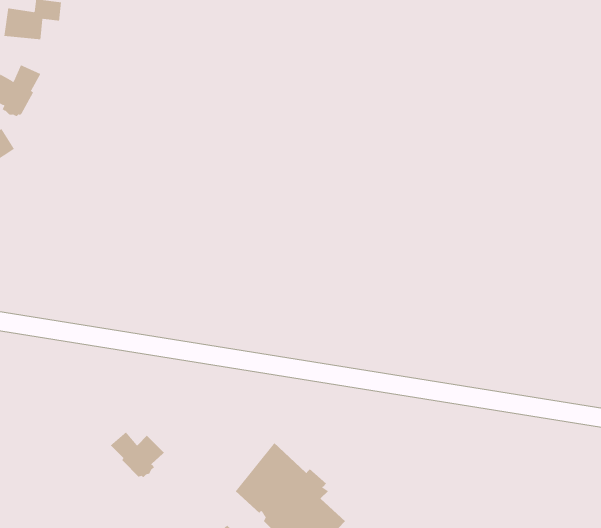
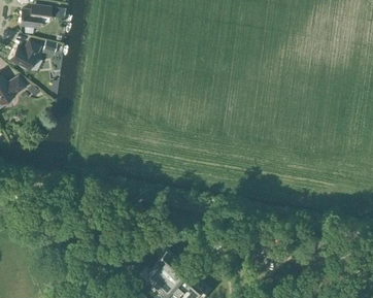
building: [110,432,165,479] -> none

